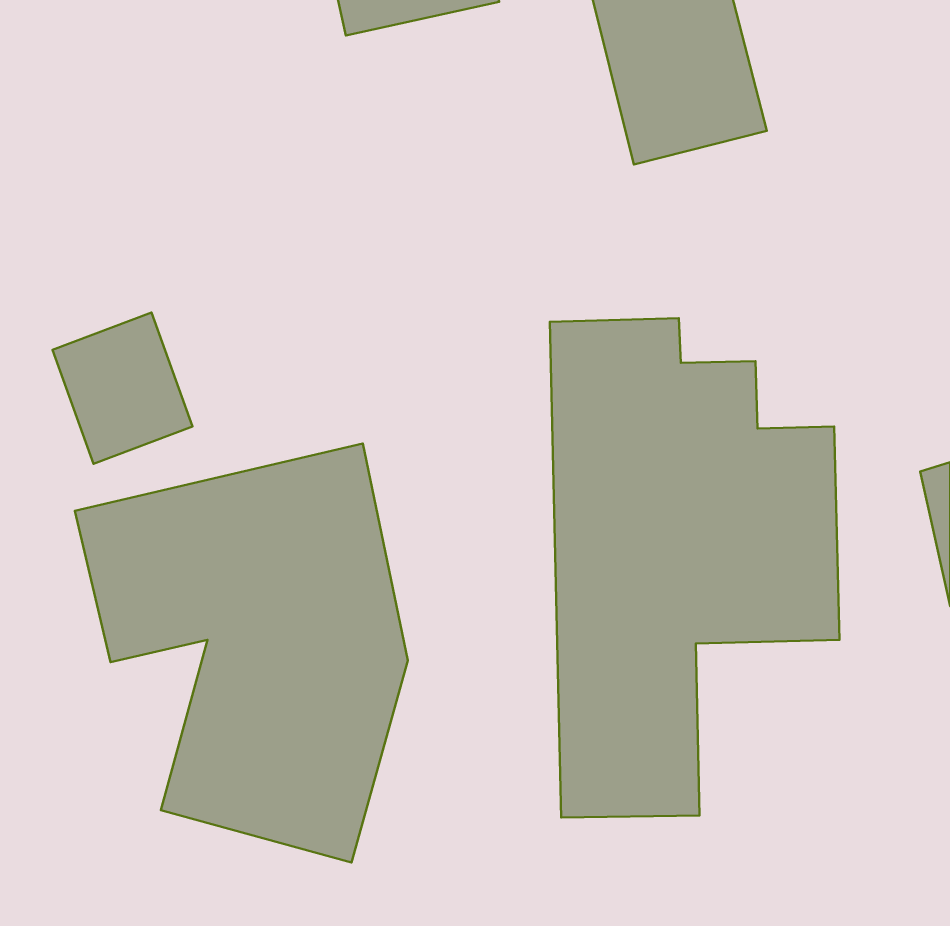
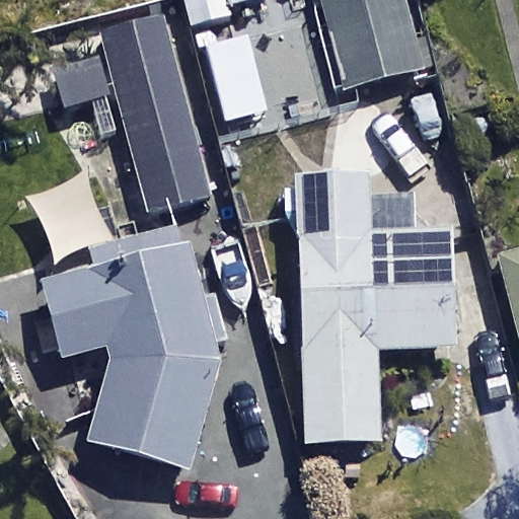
building: none -> [94,7,210,209]

